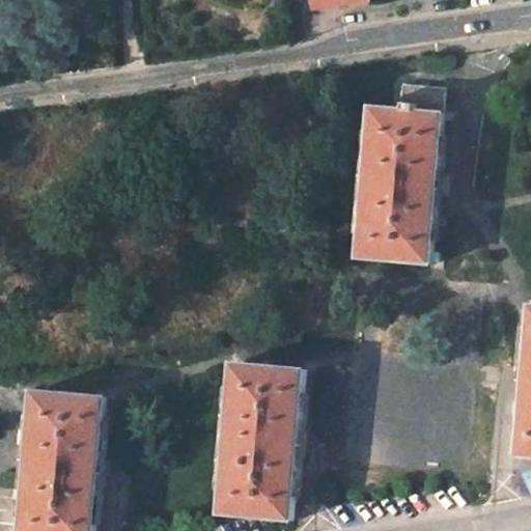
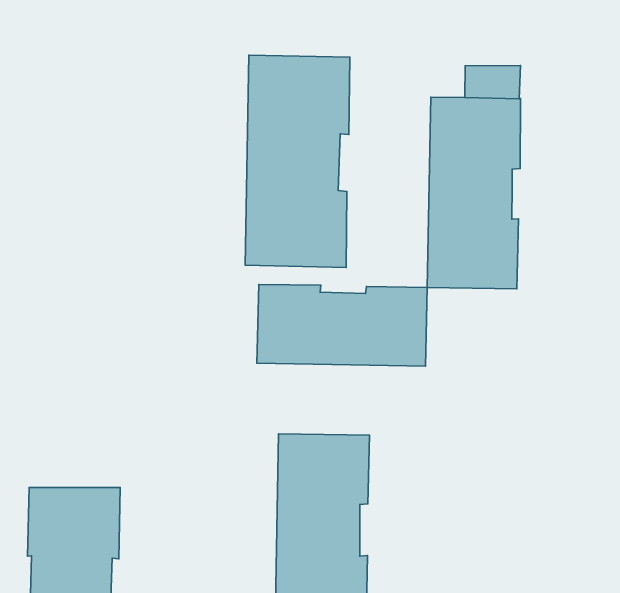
building: none -> [245,55,350,267]
building: none -> [257,284,427,366]

